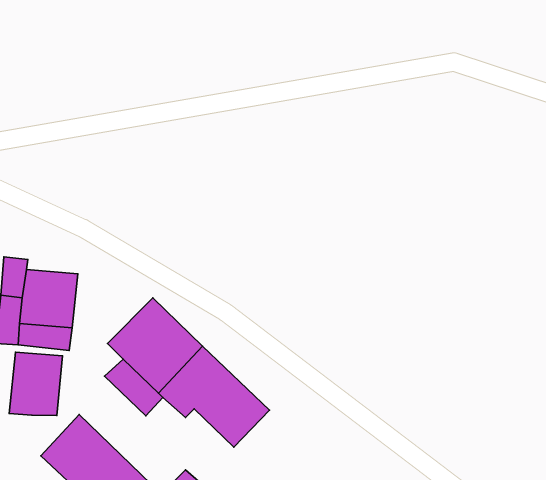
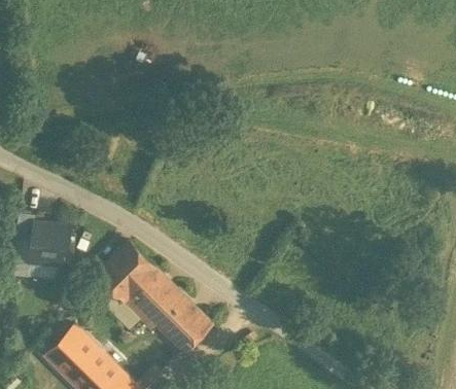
building: [9,352,63,416] -> none

